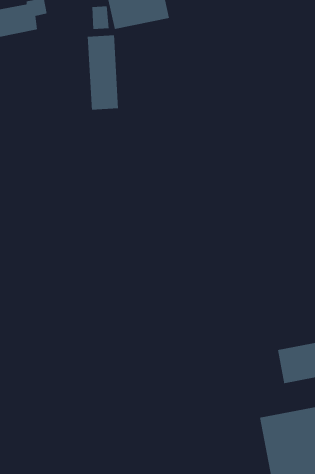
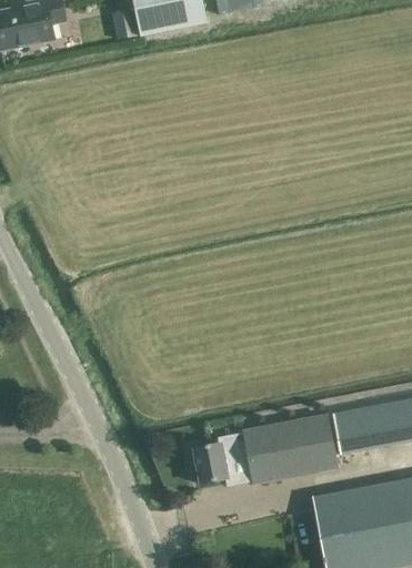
building: [87,35,119,110] -> none
building: none -> [193,413,338,484]

